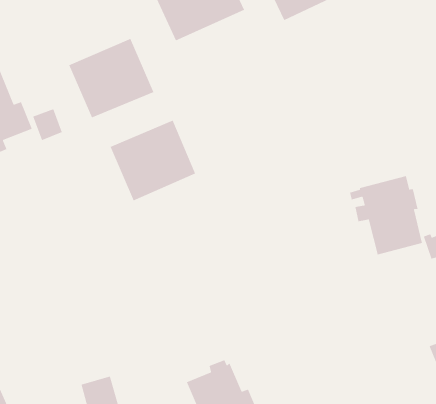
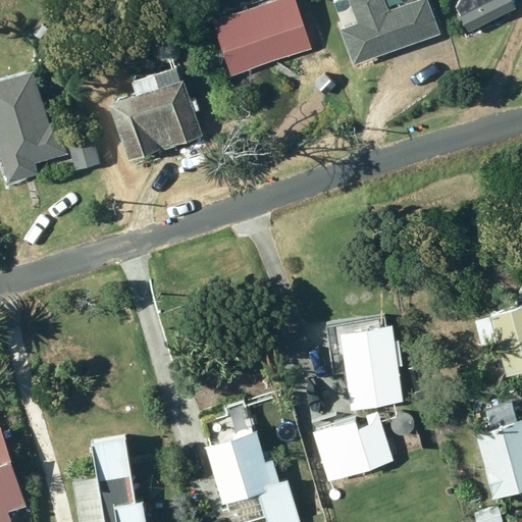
building: [110,120,196,202] -> none
building: [349,175,423,256] -> [328,327,403,412]
building: none -> [313,413,393,480]

